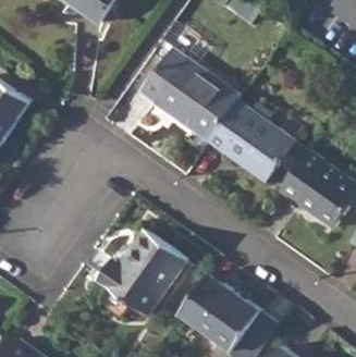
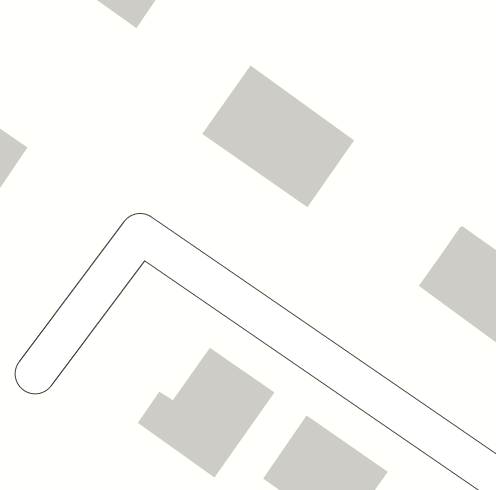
building: [210,102,307,183] -> none

